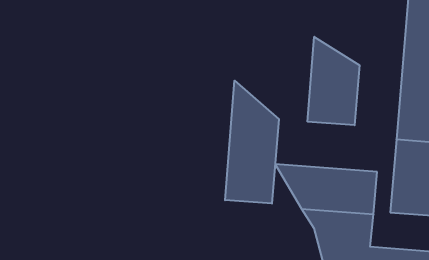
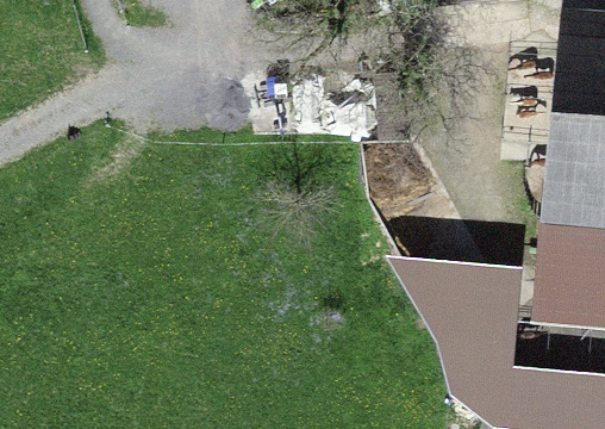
building: [308,37,360,125] -> none
building: [225,81,279,204] -> none

